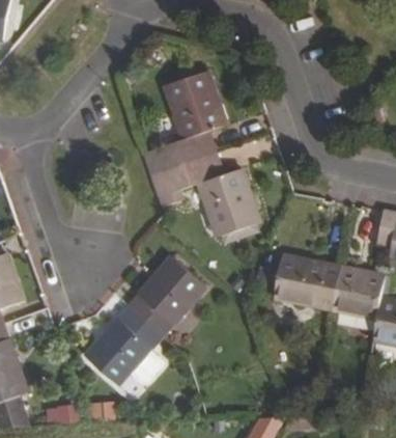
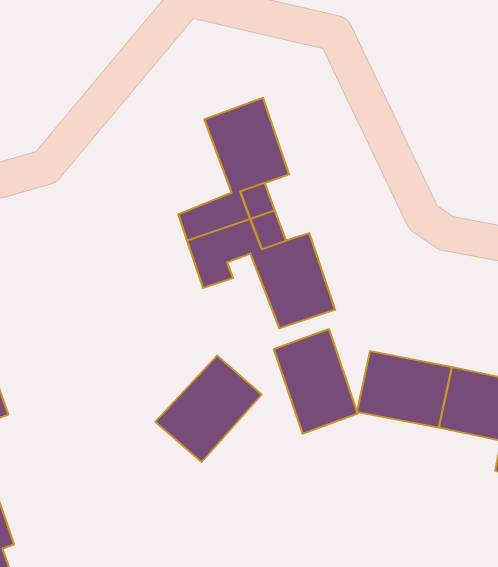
building: none -> [274,329,358,434]
building: [85,305,163,384] -> none

